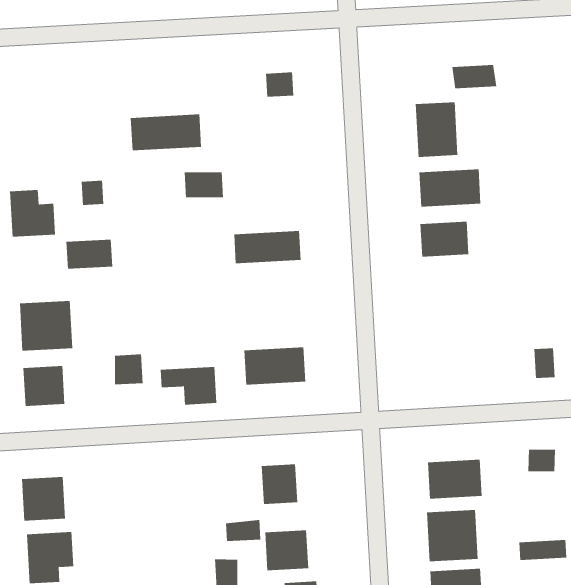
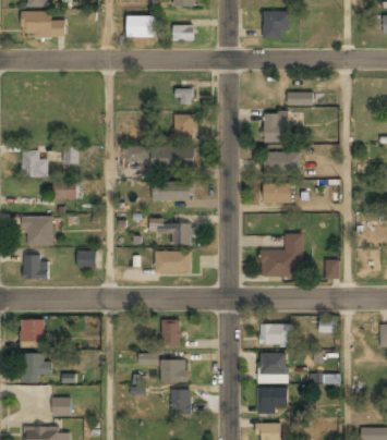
building: [130,114,202,151] -> [153,147,194,167]
building: none -> [173,114,194,140]
building: none -> [261,233,303,277]
building: [160,366,217,405] -> [158,223,191,245]

